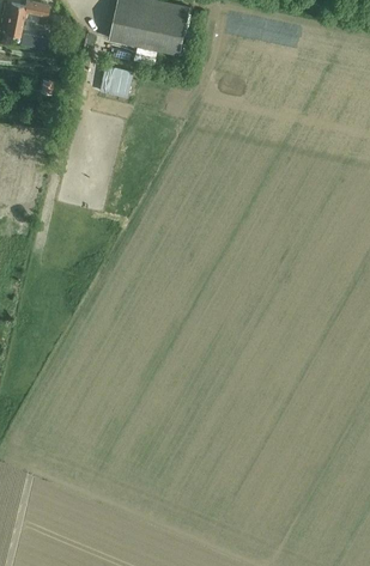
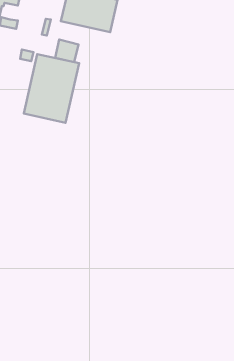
building: none -> [24,54,79,123]

